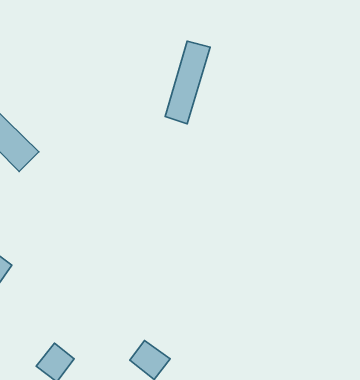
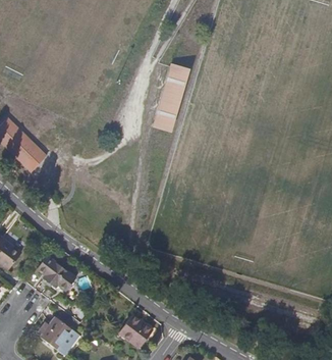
building: none -> [37,255,73,289]

